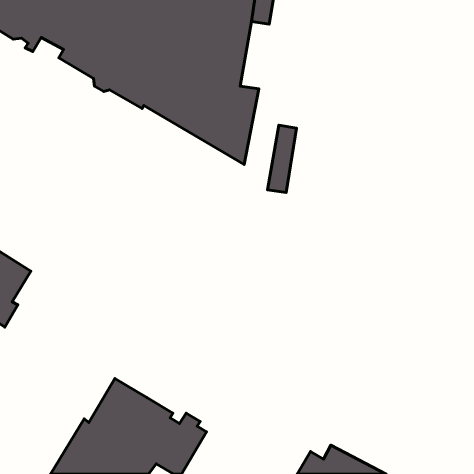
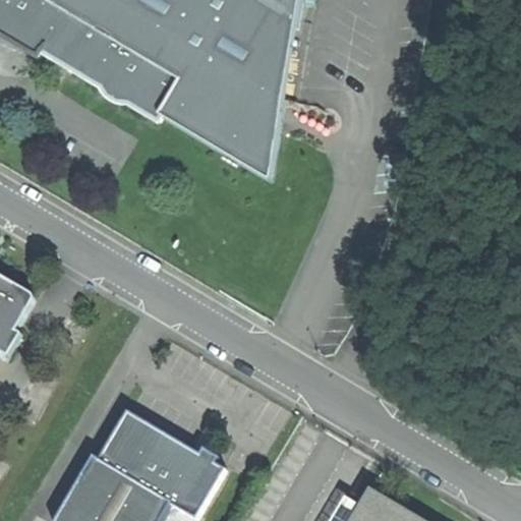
building: [268,125,297,193] -> [262,23,293,97]

